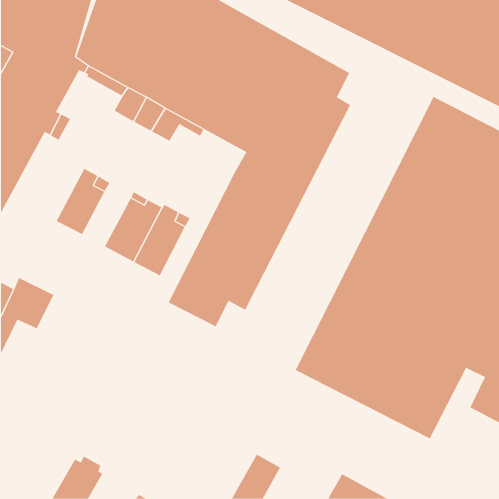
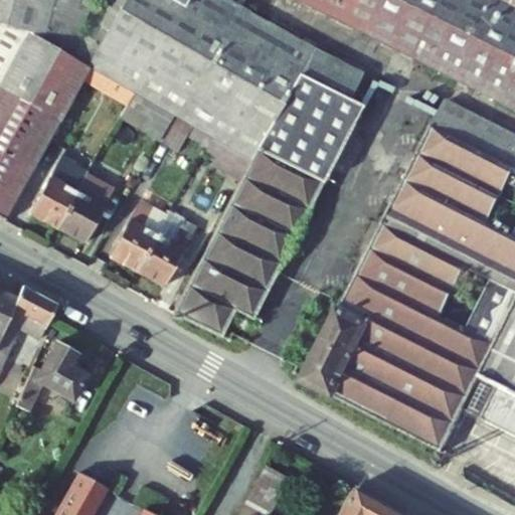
building: none -> [204,133,254,177]
building: none -> [31,153,88,226]
building: none -> [17,341,89,409]

